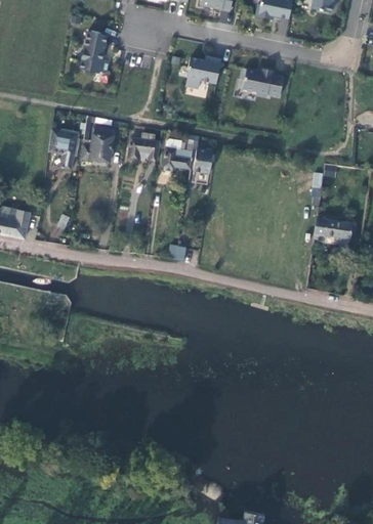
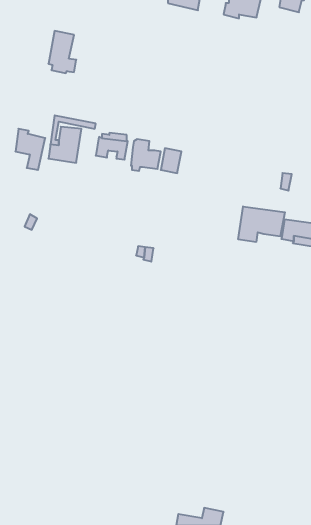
building: [186,57,222,89] -> none
building: [242,69,285,96] -> none
building: none -> [238,206,285,242]

